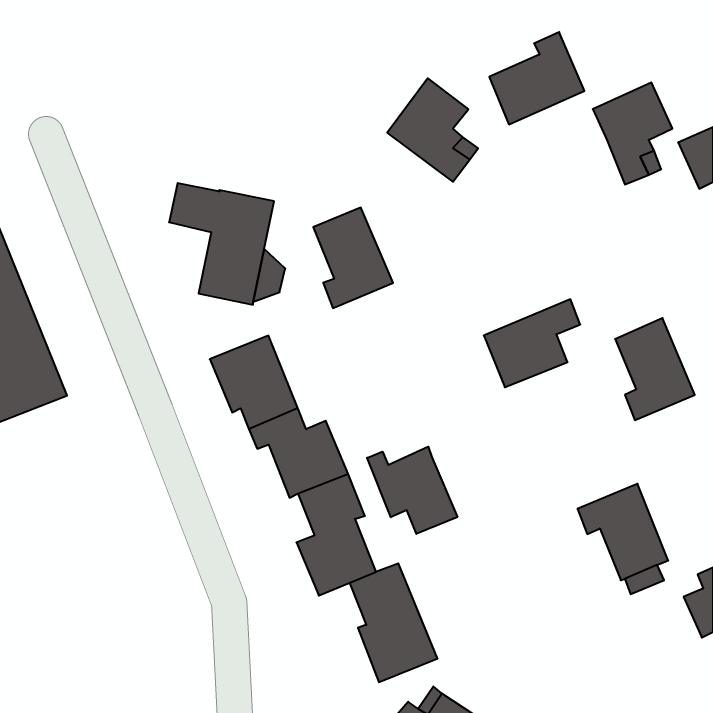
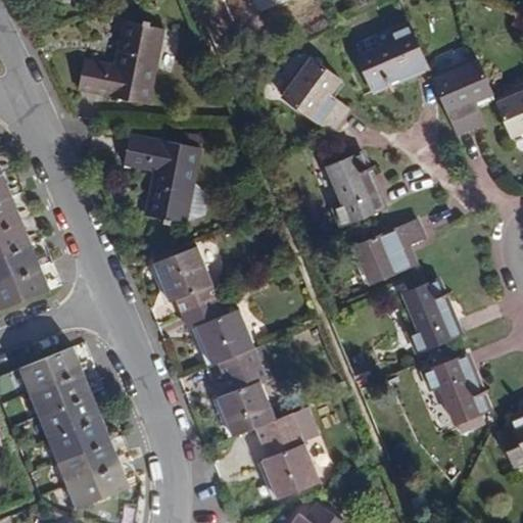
building: none -> [78,21,162,105]
building: [313,208,393,308] -> [326,153,384,227]
building: [615,318,695,420] -> [401,279,460,353]
building: [367,447,457,534] -> none
building: none -> [18,346,129,509]

